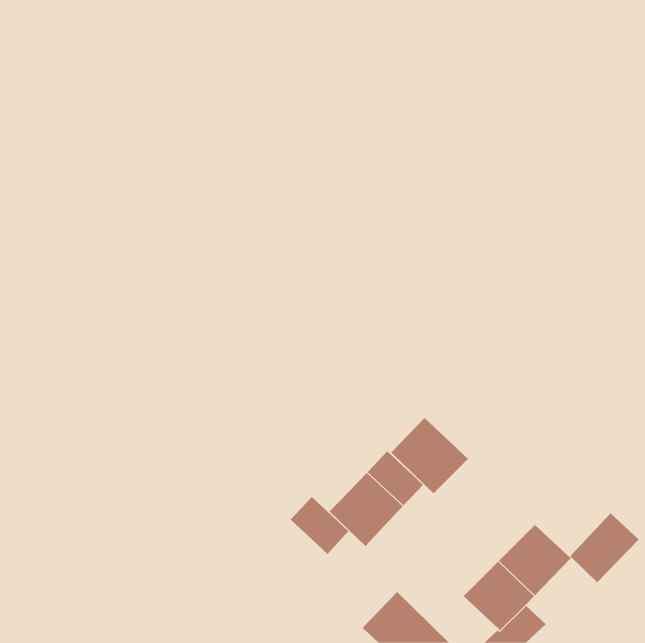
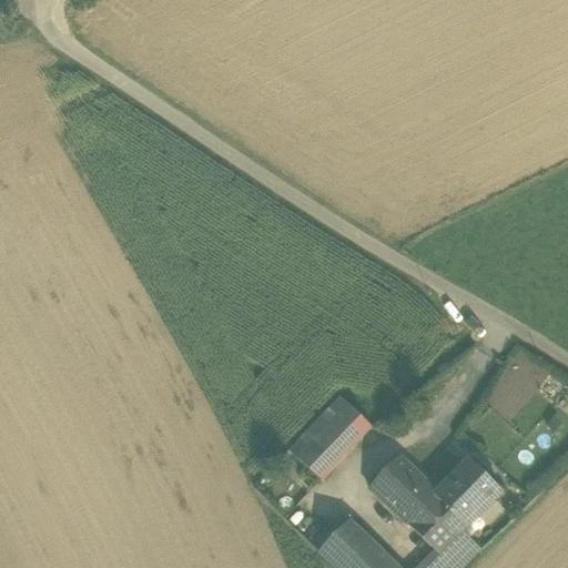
building: [390,417,469,494] -> [368,455,437,523]
building: [290,496,349,555] -> none
building: [569,512,640,583] -> none

